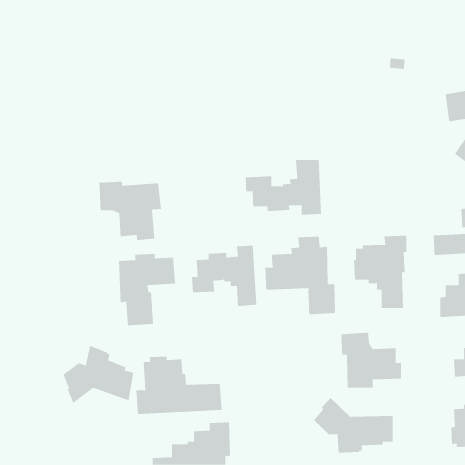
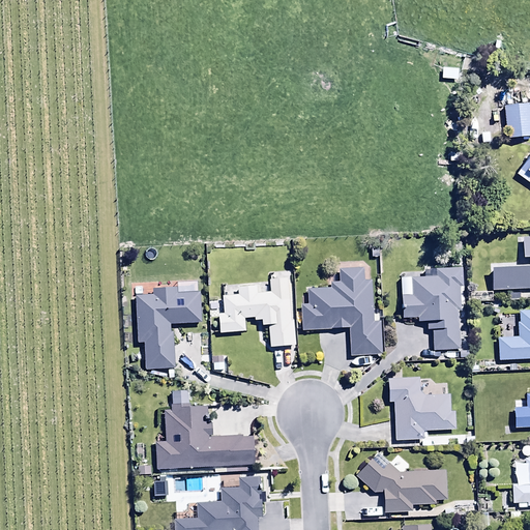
building: [245,159,322,216] -> none
building: [99,181,162,241] -> none
building: [63,345,134,404] -> none

